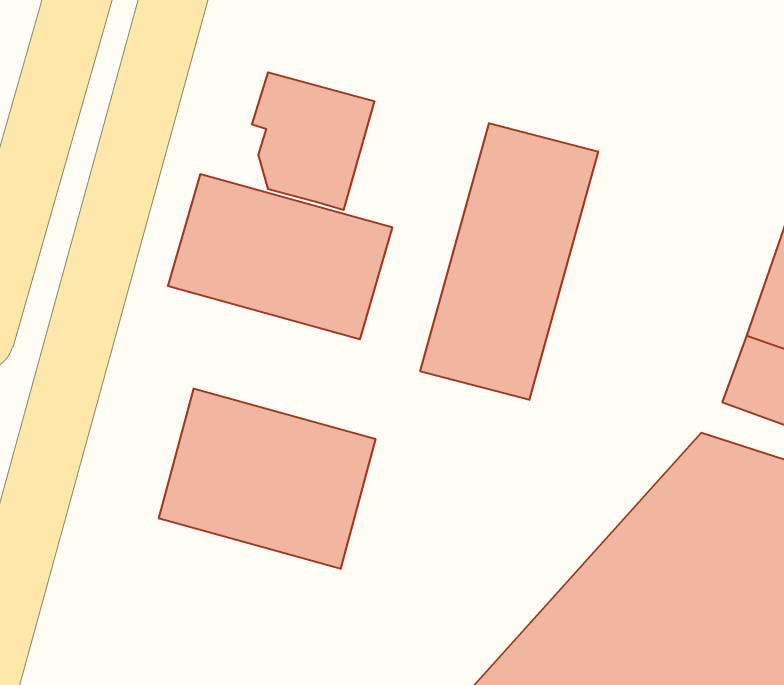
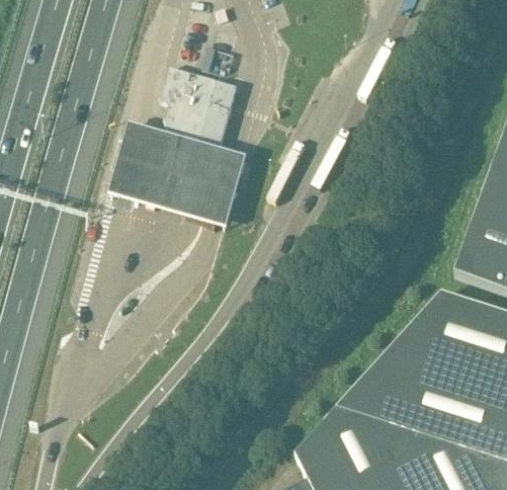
building: [420,123,598,400] -> none
building: [159,388,375,569] -> none

